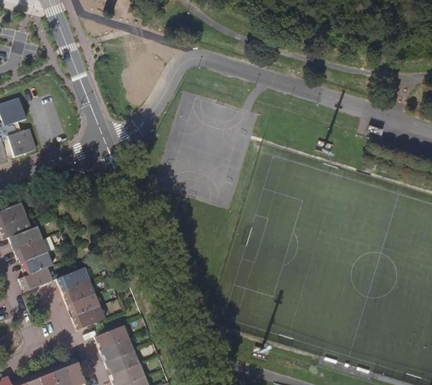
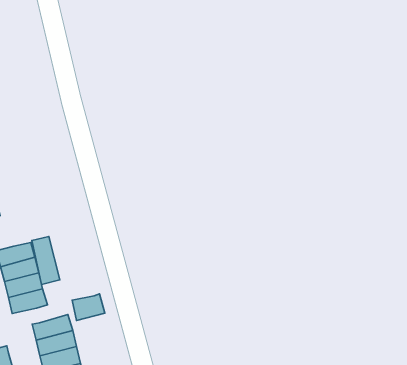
building: none -> [32,237,60,285]
building: none -> [72,294,105,321]

